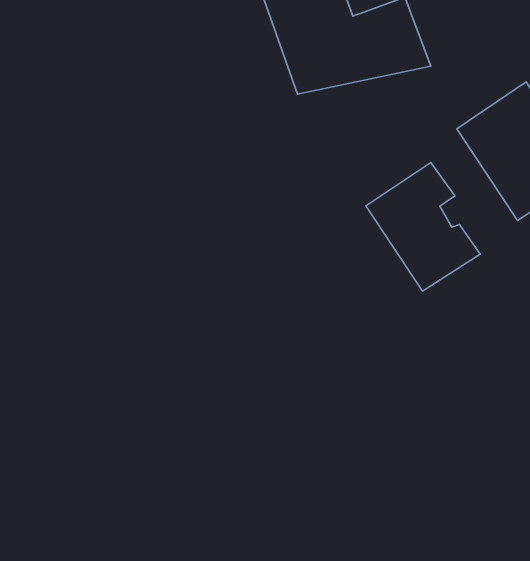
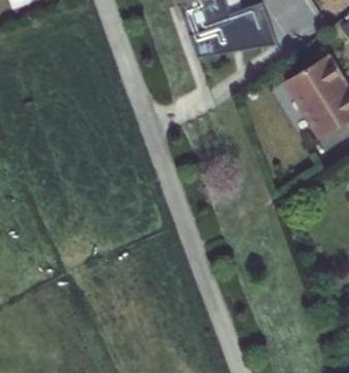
building: [366,162,480,291] -> none

